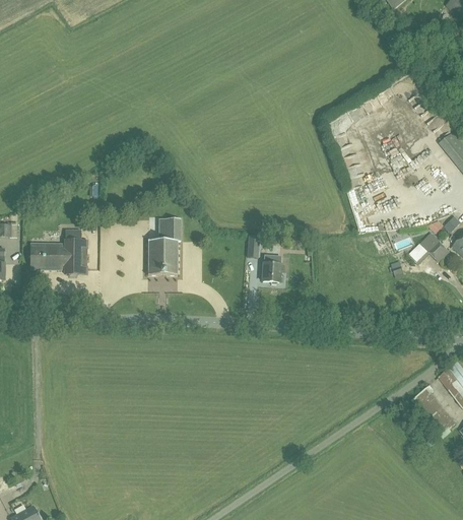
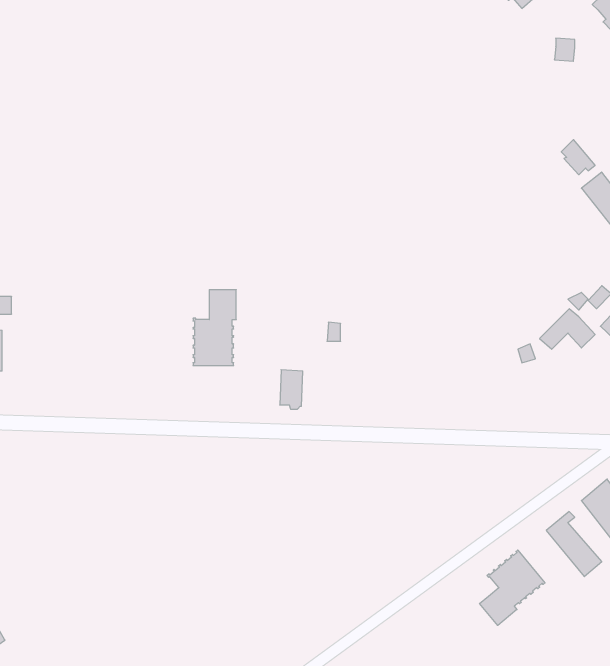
building: [30,230,87,274] -> none
building: [263,255,280,284] -> [280,370,303,409]
building: none -> [480,550,545,625]

